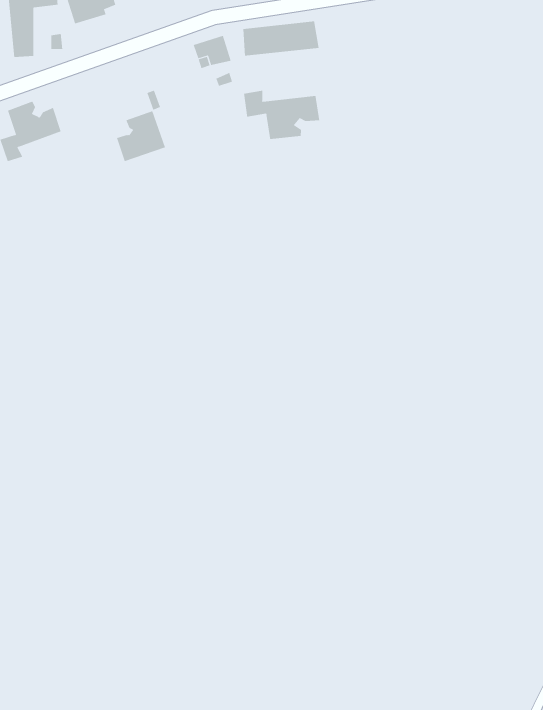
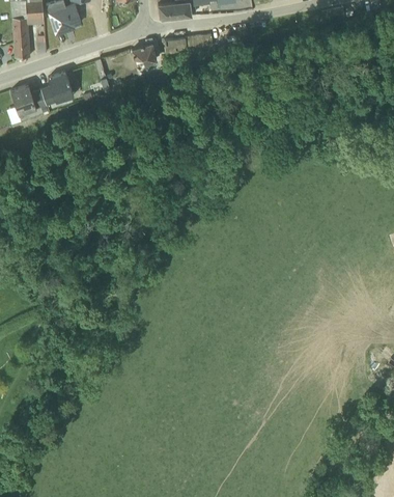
building: [244,90,320,140] -> none
building: [116,111,166,162] -> [43,73,75,106]

